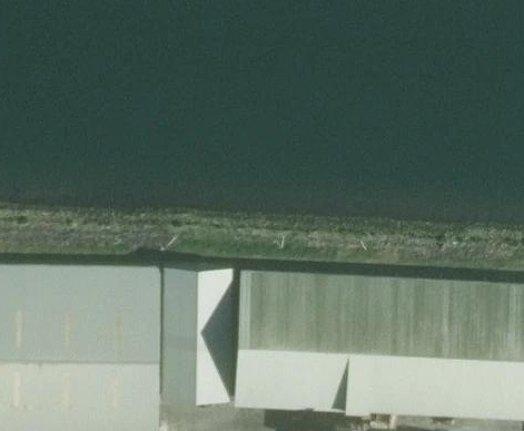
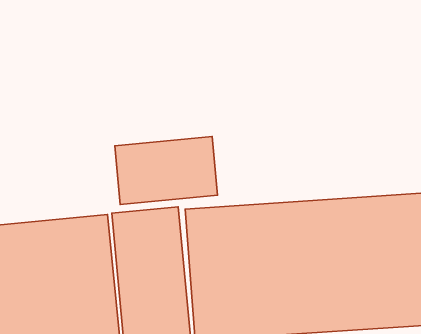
building: none -> [115,137,218,204]

